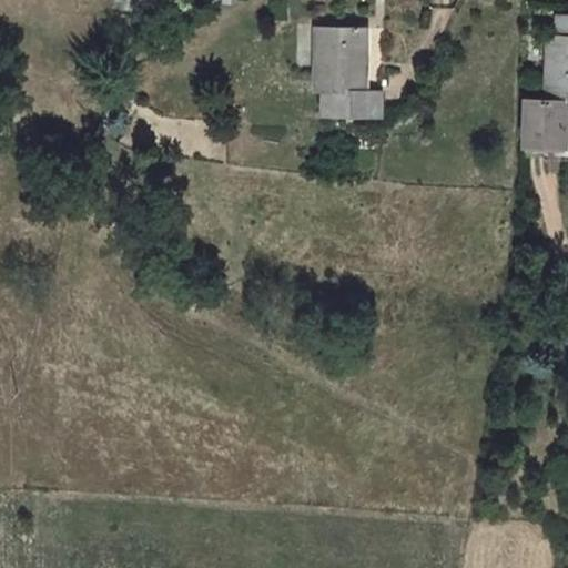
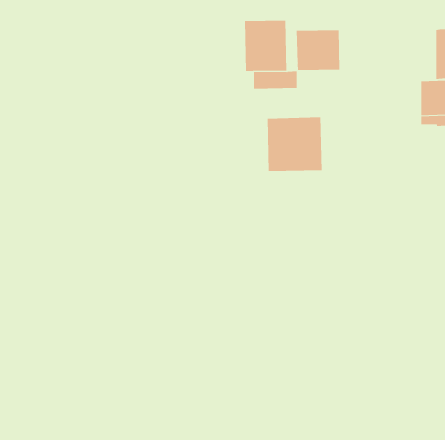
building: none -> [296,29,340,71]
building: none -> [267,116,322,172]

